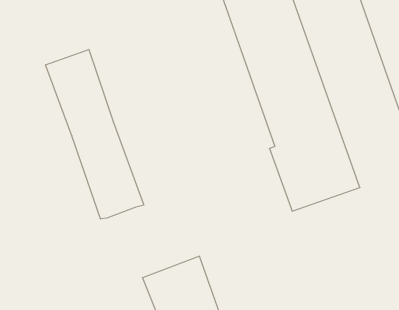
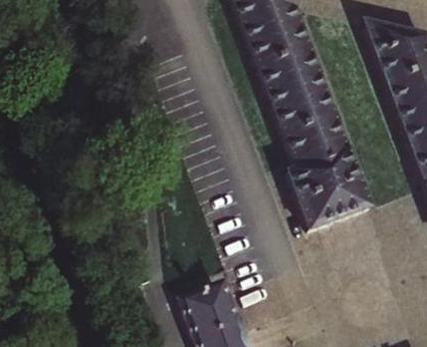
building: [46,49,144,219] -> none

